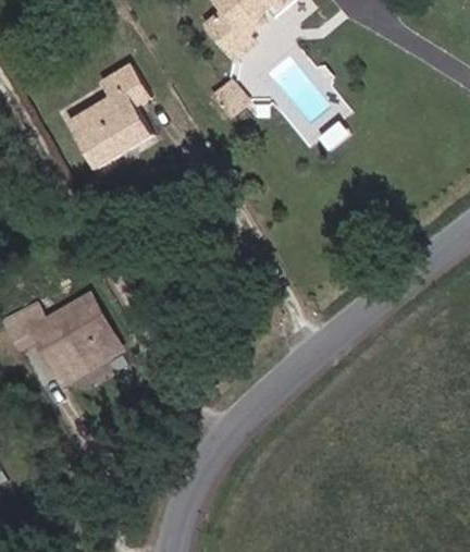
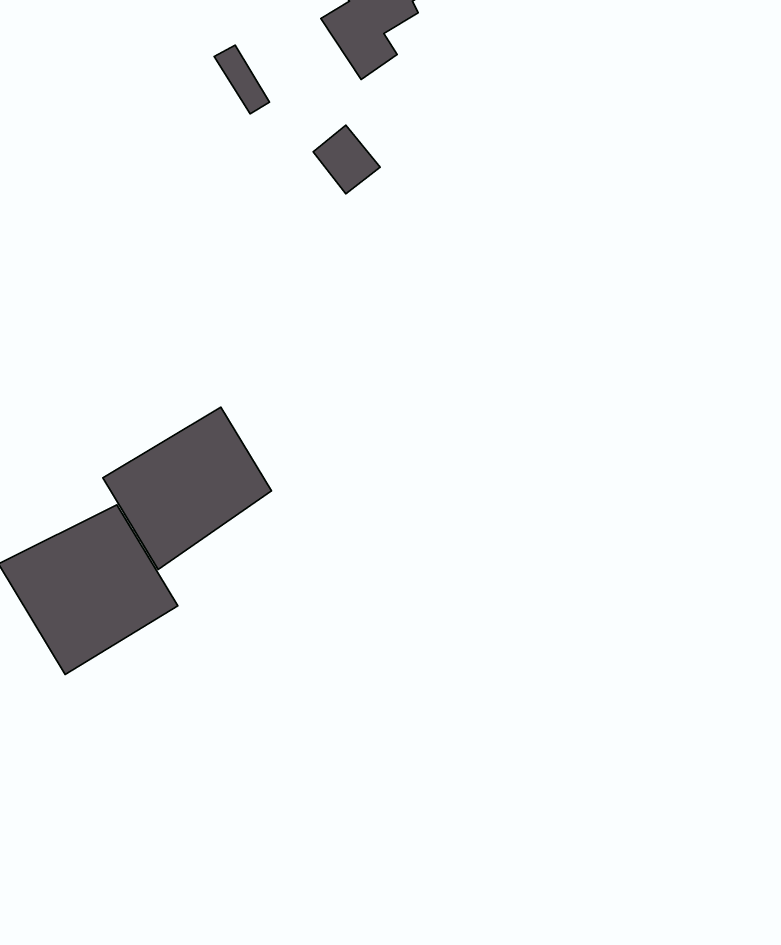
building: [66,64,150,171] -> none
building: none -> [103,407,272,569]

